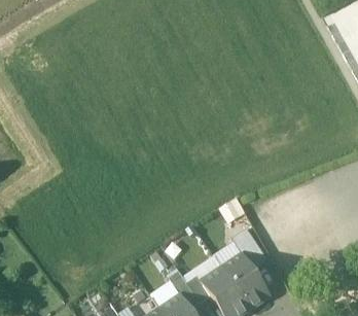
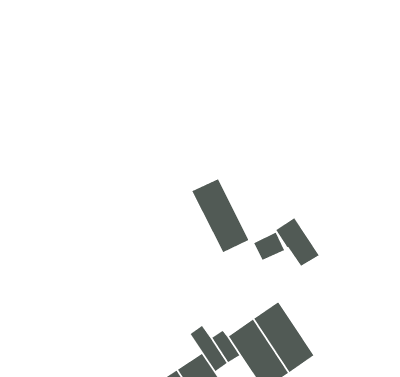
building: none -> [191,178,249,253]
building: [230,227,266,268] -> [275,217,320,267]

